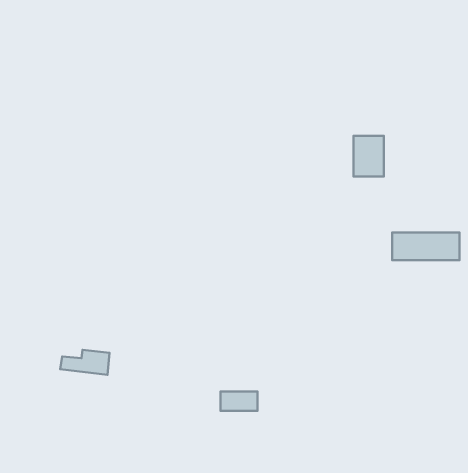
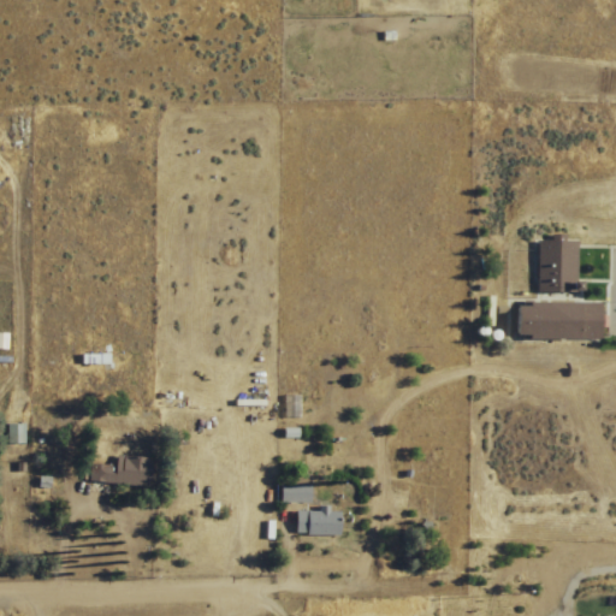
building: [353,136,384,177] -> [540,239,580,292]
building: none -> [280,484,312,503]

